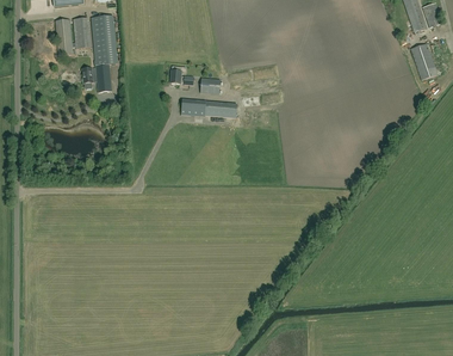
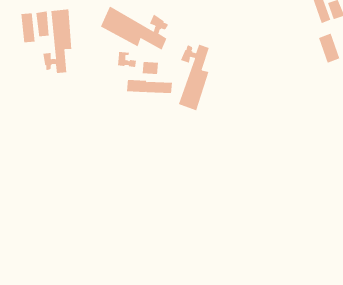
building: none -> [100,5,168,51]
building: none -> [178,44,210,111]

